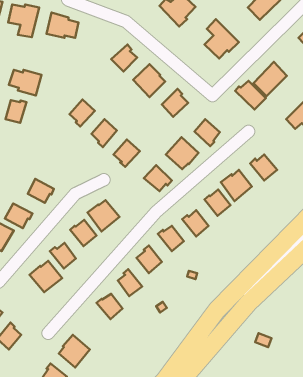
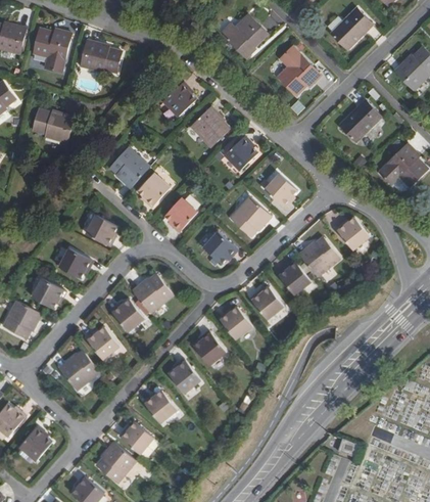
building: [235,81,266,109] -> none
building: [6,100,26,123] -> none
building: none -> [85,215,115,245]
building: none -> [118,422,153,454]

